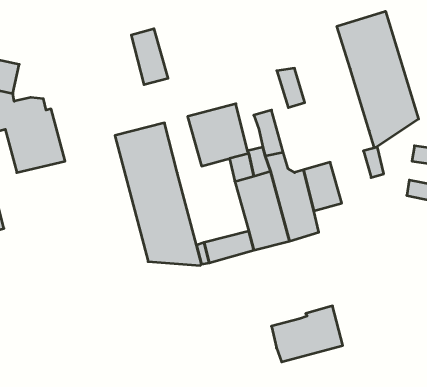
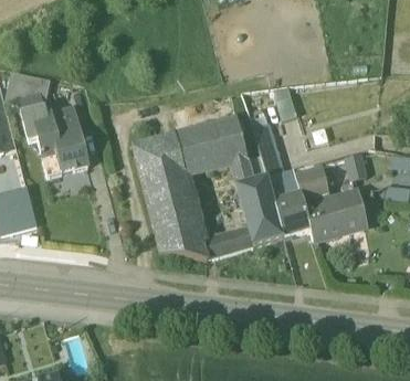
building: [337,11,419,147] -> none
building: [131,29,168,85] -> [176,127,208,176]
building: [271,306,343,362] -> [305,191,367,240]

